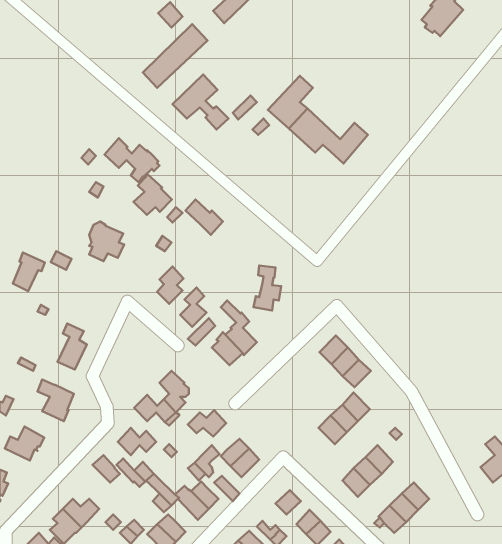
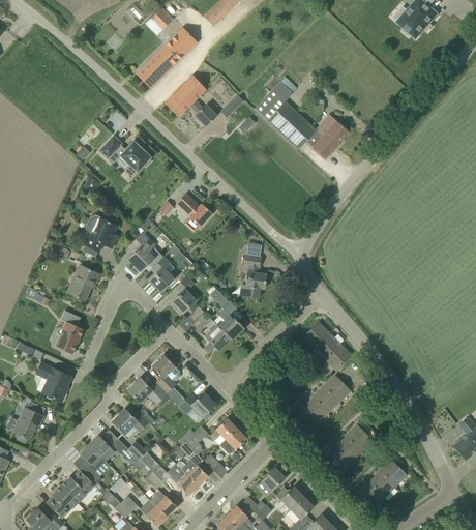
building: [134,174,172,215] -> [127,232,163,270]
building: [13,253,45,291] -> [69,264,99,300]
building: none -> [79,443,109,489]

